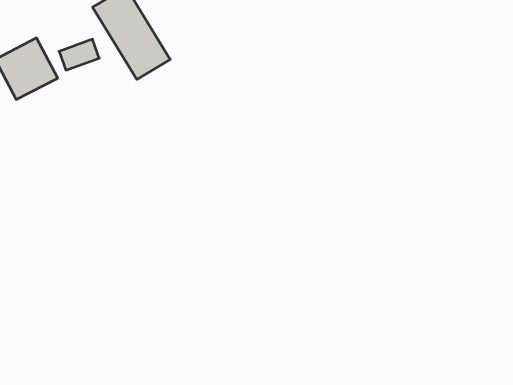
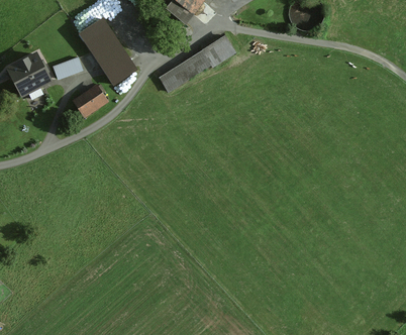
building: none -> [160,36,233,91]
building: none -> [75,83,110,116]

